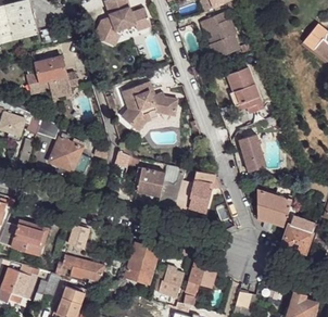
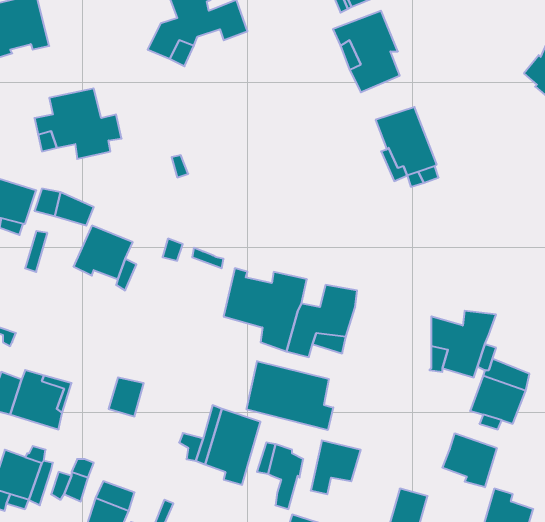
building: [122,80,178,130] -> none
building: [241,131,264,169] -> none
building: none -> [247,361,333,430]
building: [63,255,104,281] -> none
building: none -> [442,433,497,487]

